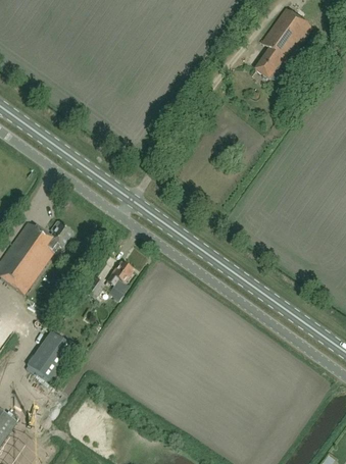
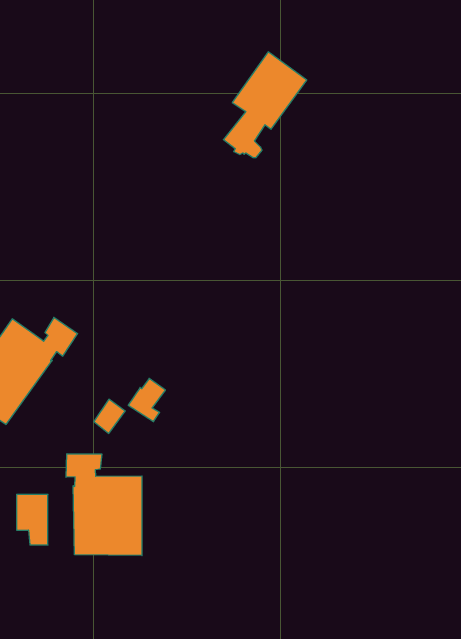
building: [256,7,313,80] -> [223,52,307,157]
building: none -> [66,454,142,556]

